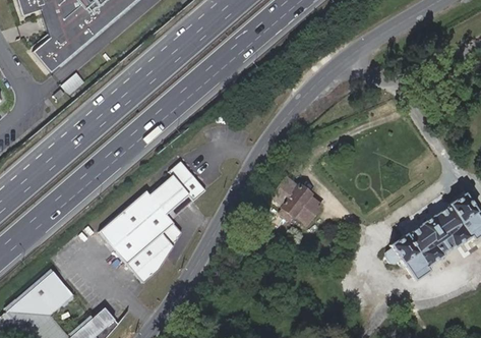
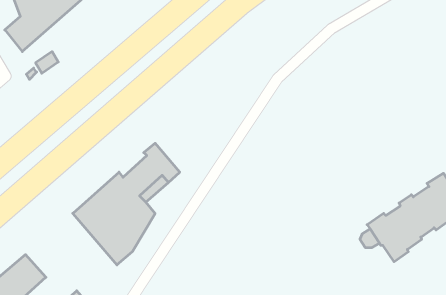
building: [273,178,322,222] -> none

